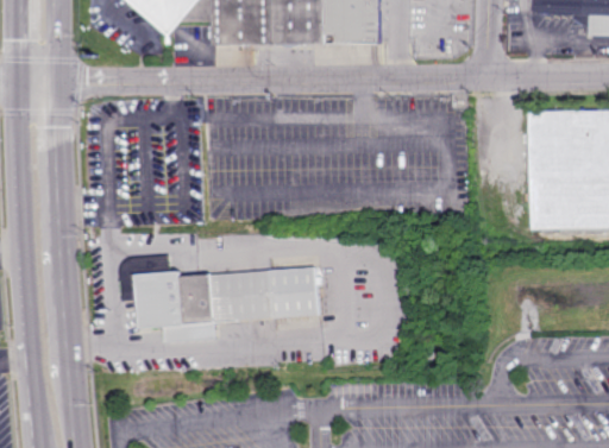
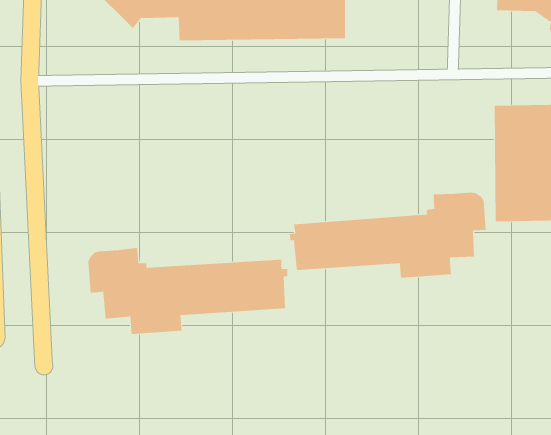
building: none -> [289,192,486,278]

